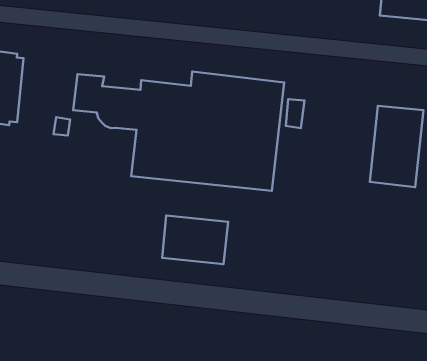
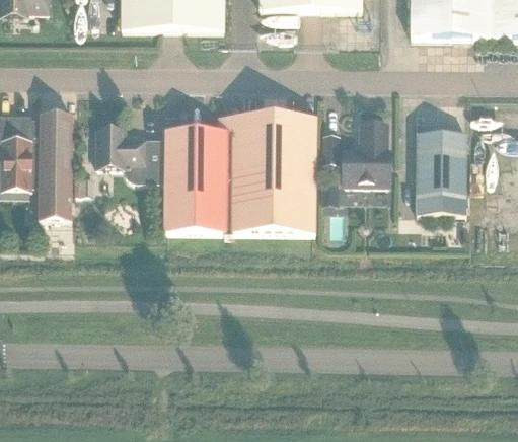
building: none -> [39,115,71,219]
building: none -> [344,123,389,185]
building: [162,215,228,264] -> none

